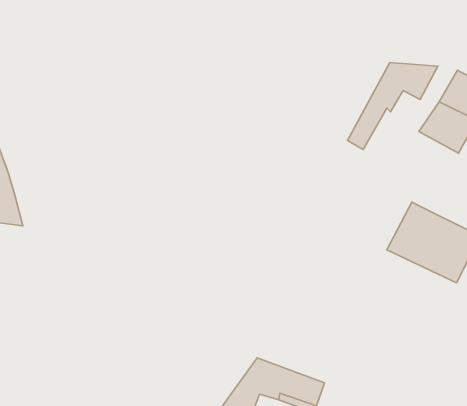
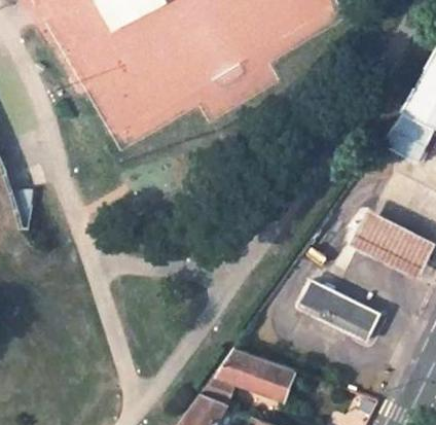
building: [348,63,438,150] -> none
building: none -> [295,281,379,343]

